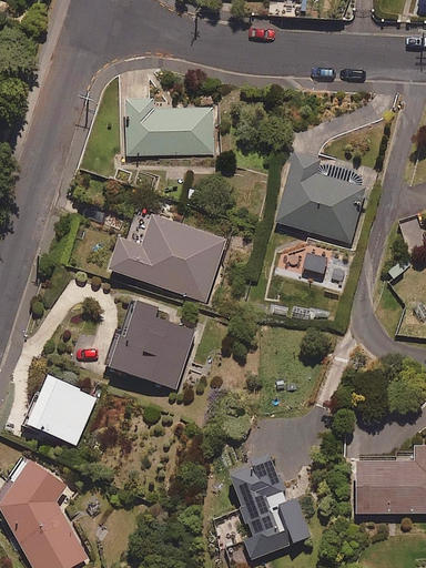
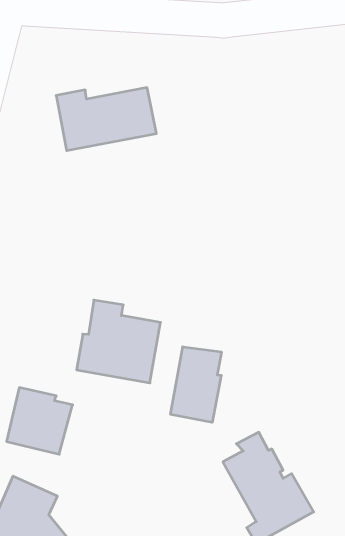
building: [273,151,366,243] -> none
building: [106,215,225,302] -> none
building: none -> [171,347,221,422]

